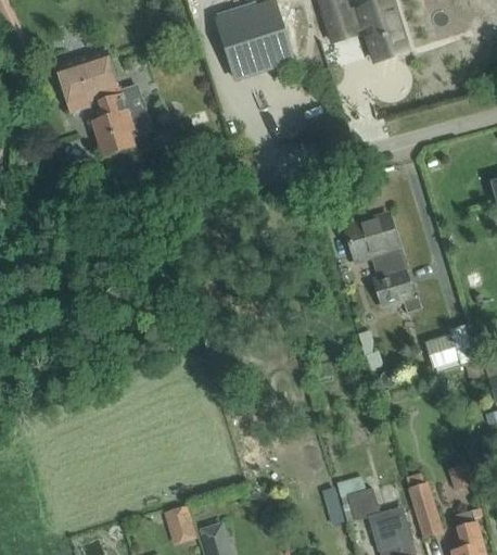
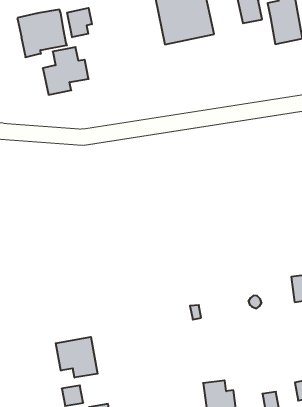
building: none -> [67,8,92,37]
building: [344,214,420,313] -> none
building: none -> [56,337,98,378]

